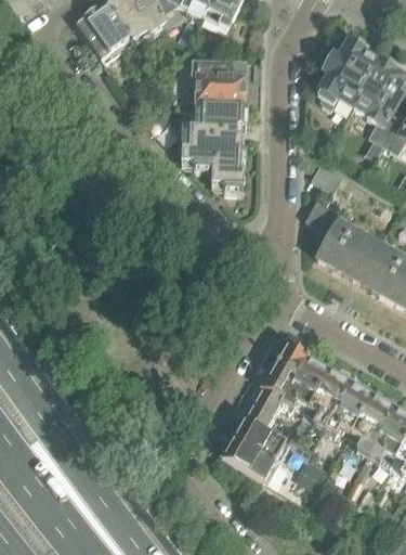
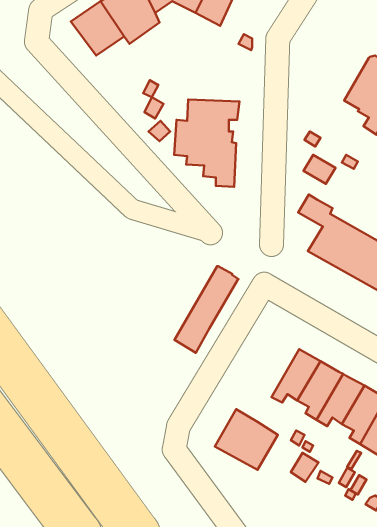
building: [323,40,379,106] -> none
building: [192,59,246,102] -> none
building: [245,341,310,429] -> [174,266,238,353]

